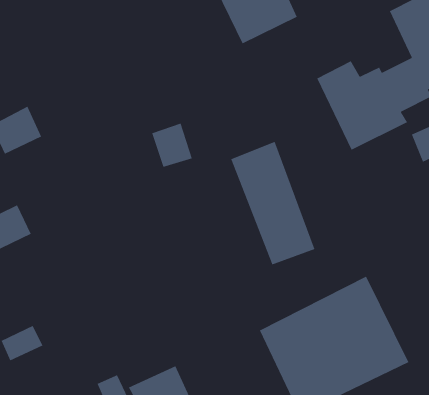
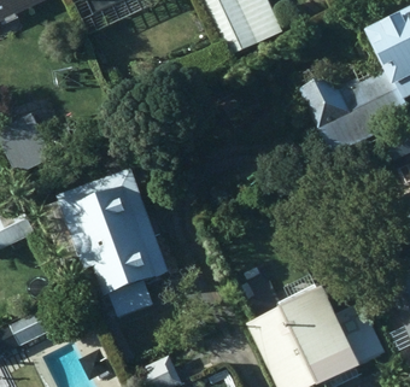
building: [230,141,316,266] -> none
building: none -> [55,169,169,318]

